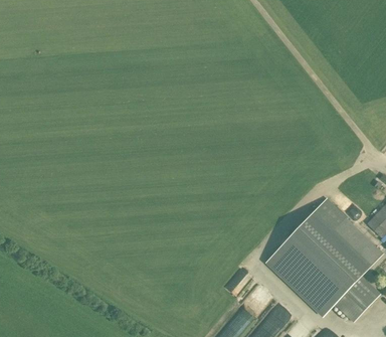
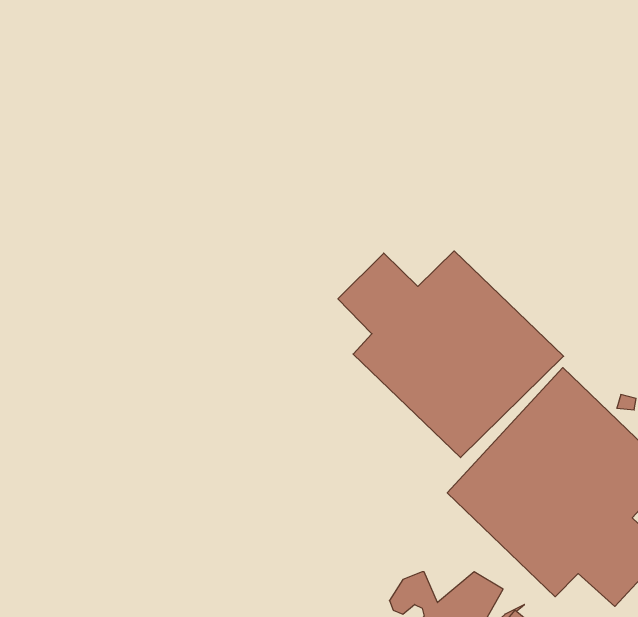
building: none -> [338,251,564,458]

